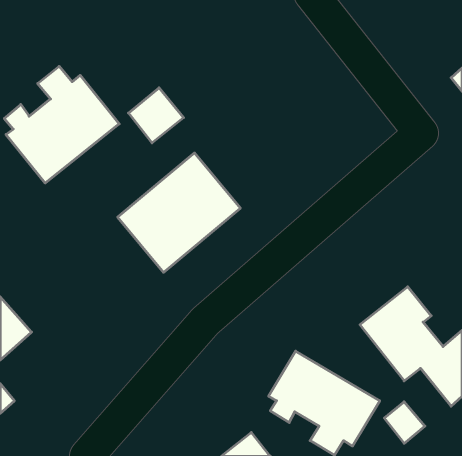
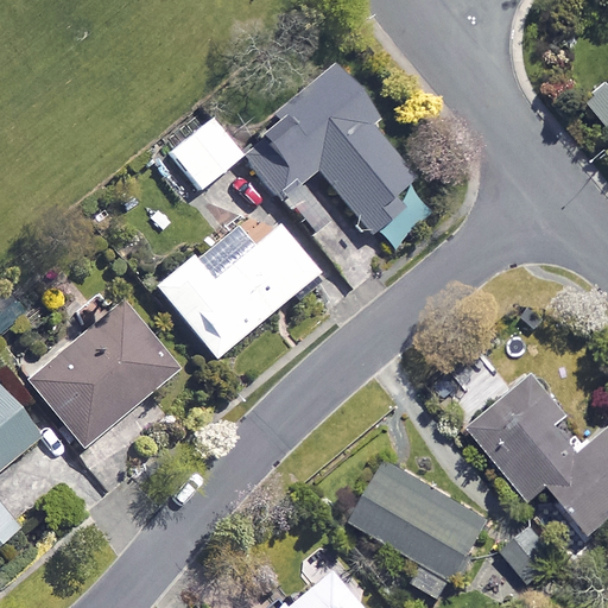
building: none -> [239,65,414,233]
building: [4,66,119,183] -> none
building: none -> [30,305,172,442]

